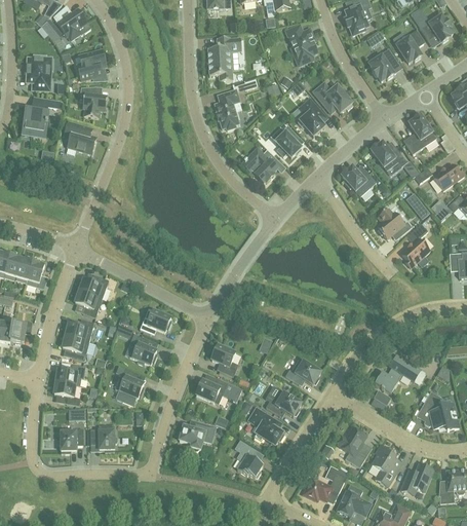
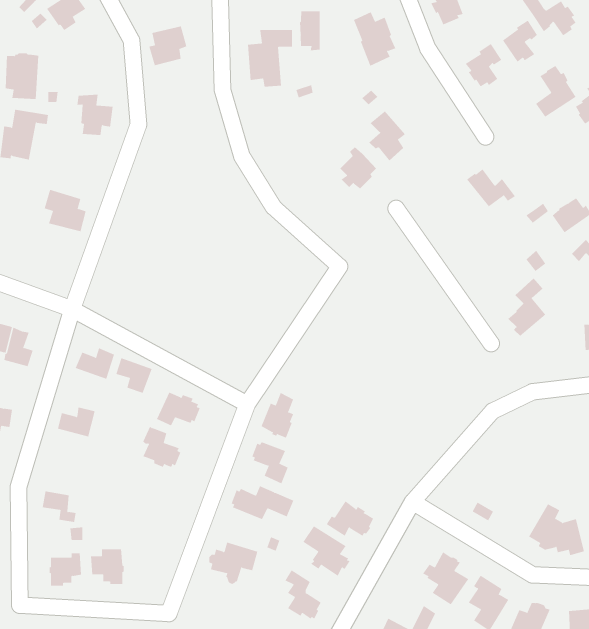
building: none -> [299,11,320,51]
building: [76,49,105,79] -> [149,26,187,66]
building: [312,81,352,112] -> none
building: [213,88,239,128] -> none
building: [404,114,435,153] -> [535,65,577,118]
building: [64,120,95,152] -> [44,189,87,232]
building: [241,148,276,182] -> none
building: [340,165,376,195] -> none
building: [377,208,411,237] -> none
building: [74,290,102,316] -> [115,358,153,393]
building: none -> [261,392,294,438]
building: [62,335,88,360] -> none
building: [375,353,424,392] -> none
building: [284,358,320,384] -> none
building: [55,363,85,385] -> none
building: [114,365,144,404] -> none

